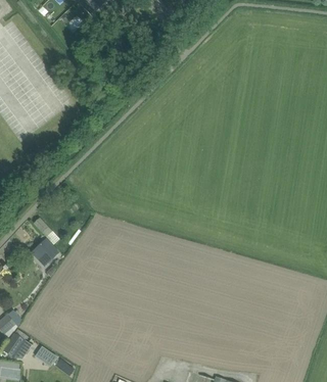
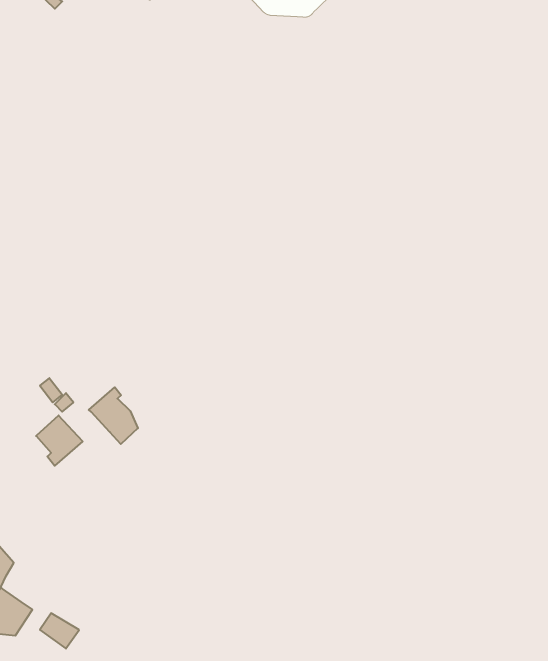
building: none -> [89,387,138,444]

